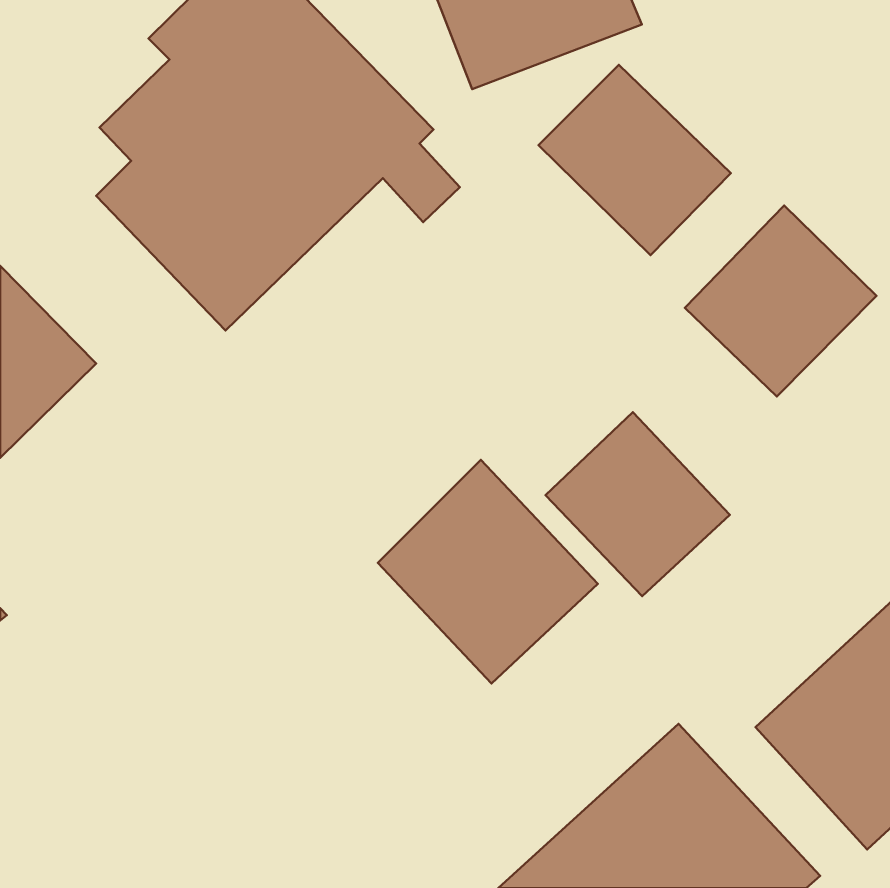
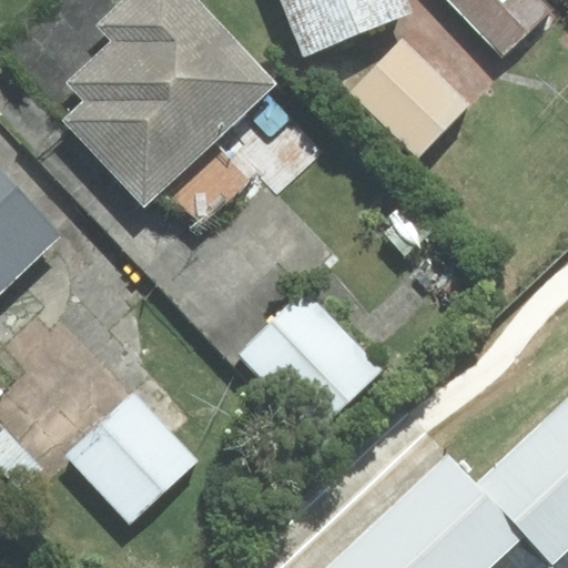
building: [685,205,877,396] -> none
building: [546,412,730,596] -> none
building: none -> [65,392,199,524]

